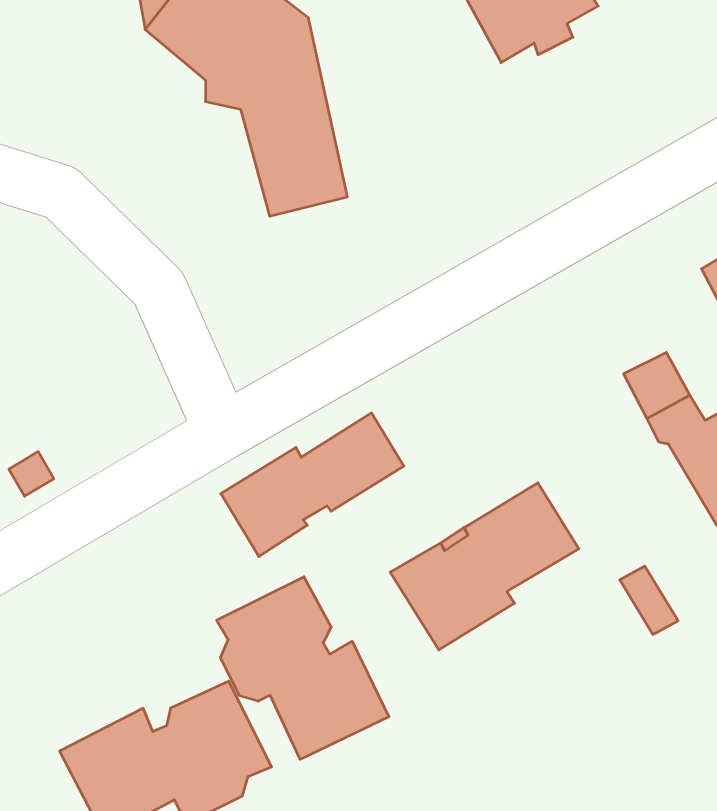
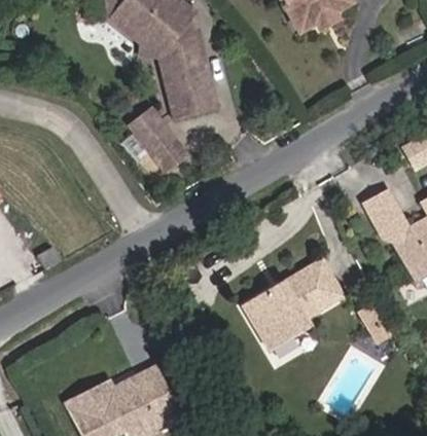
building: none -> [132,112,187,174]
building: [221,413,404,557] -> none
building: [217,577,389,759] -> none

